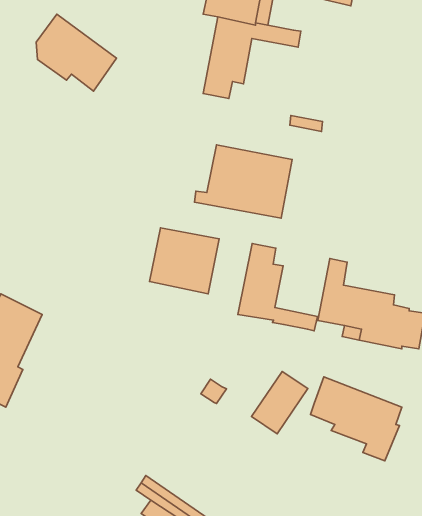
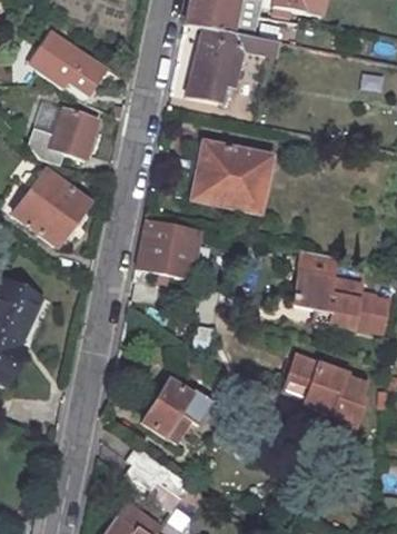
building: none -> [36,109,99,167]
building: none -> [13,167,88,243]
building: [238,244,318,331] -> none
building: [252,371,308,434] -> [141,380,192,437]

